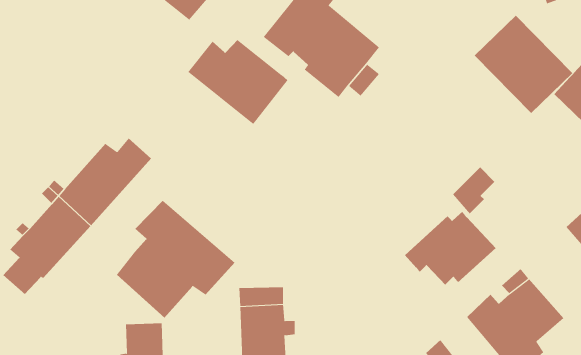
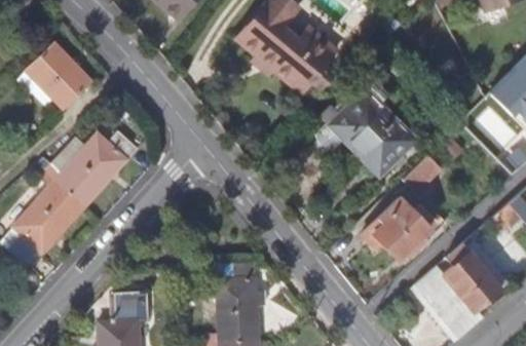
building: [474,15,573,114] -> [329,89,416,177]
building: [188,39,288,125] -> none
building: none -> [27,43,92,109]
building: [116,200,235,319] -> none

